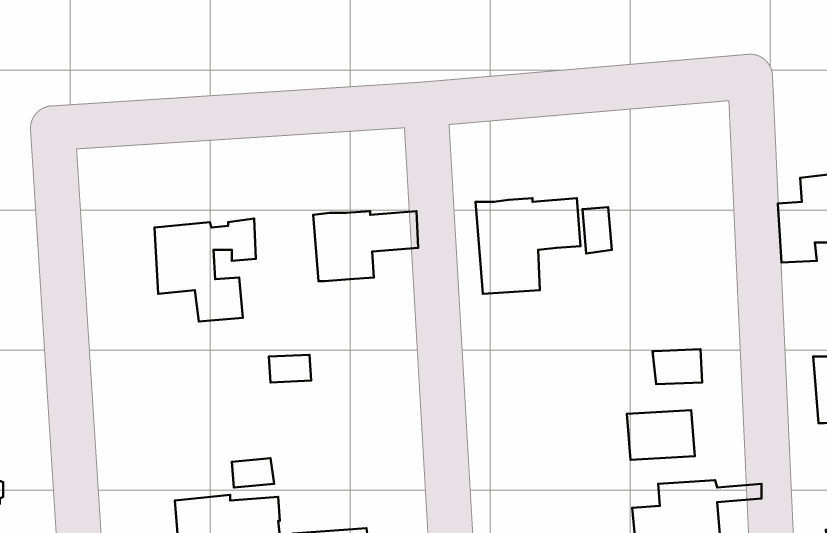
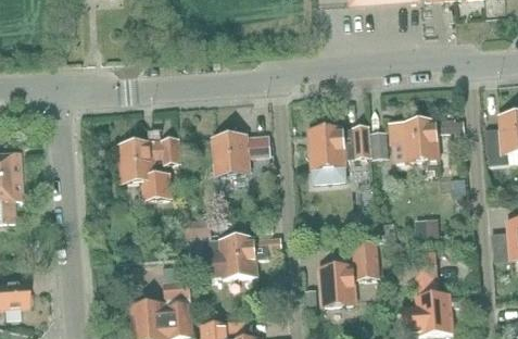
building: none -> [390,117,464,162]
building: none -> [205,236,281,277]
building: none -> [319,240,380,306]

